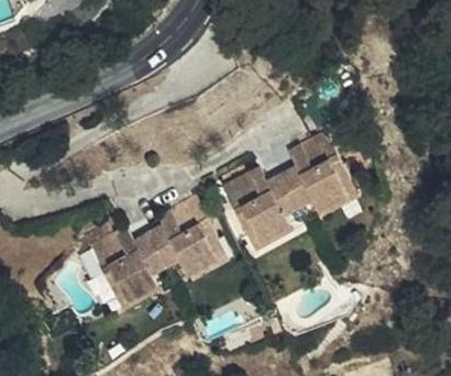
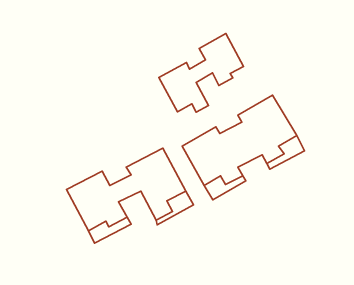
building: none -> [159,34,244,112]

